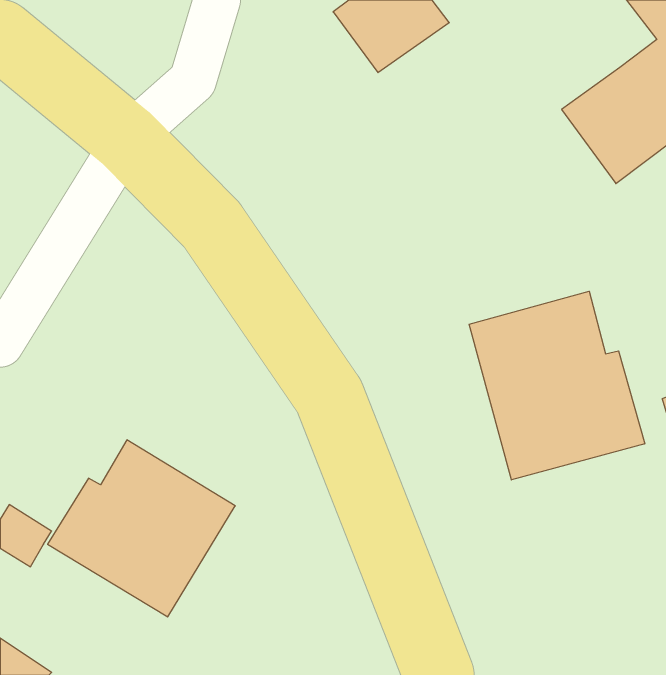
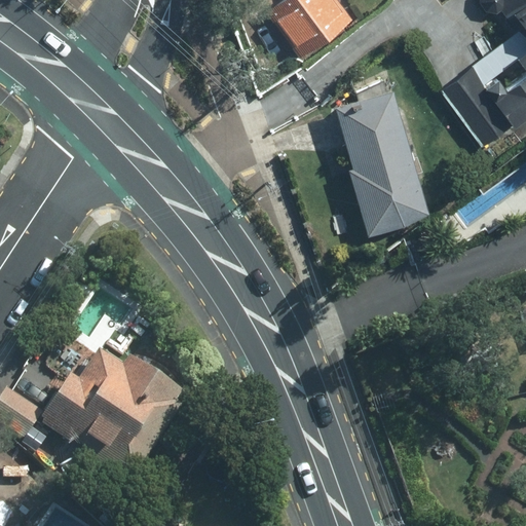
building: none -> [339,90,423,229]
building: [469,291,645,480] -> none

